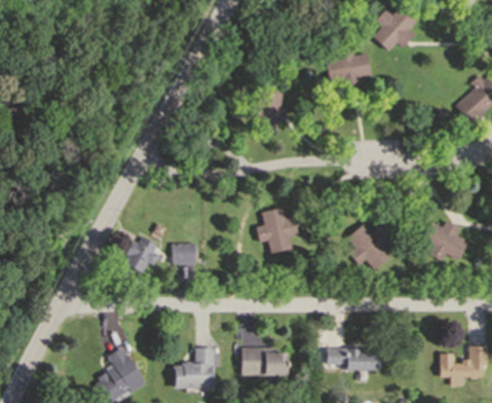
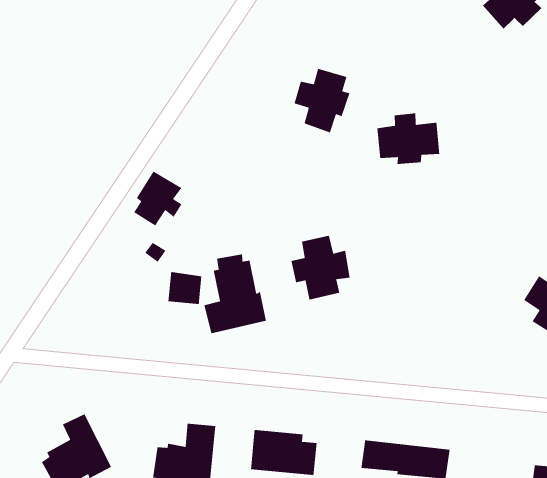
building: [327,47,373,85] -> [376,112,440,165]
building: [347,224,390,269] -> none
building: none -> [203,253,267,334]
building: [125,233,159,272] -> [133,170,183,226]

